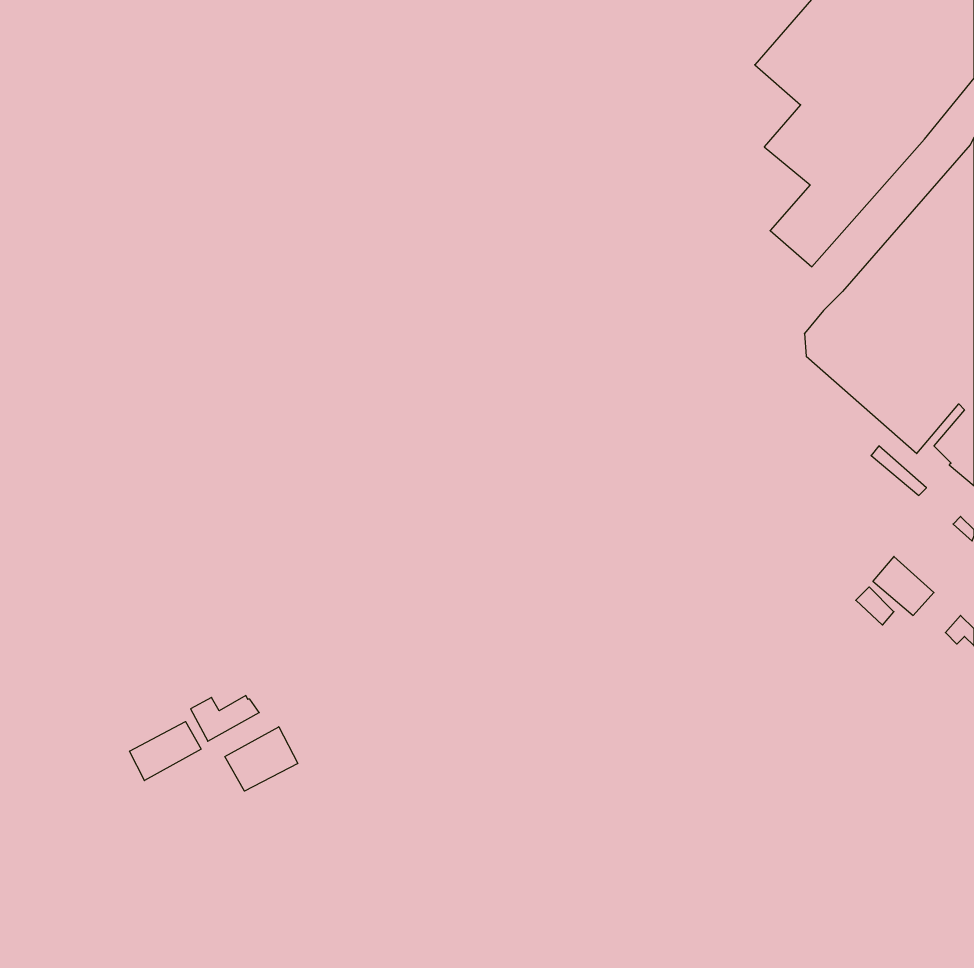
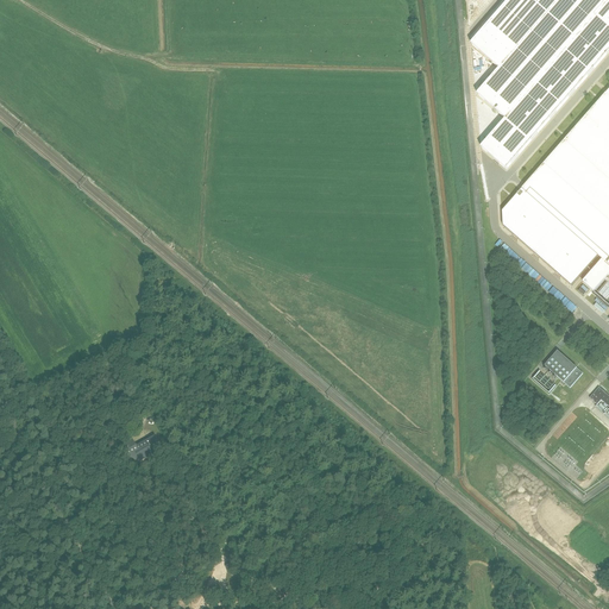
building: [130,722,201,781] -> none
building: [225,727,298,791] -> none

